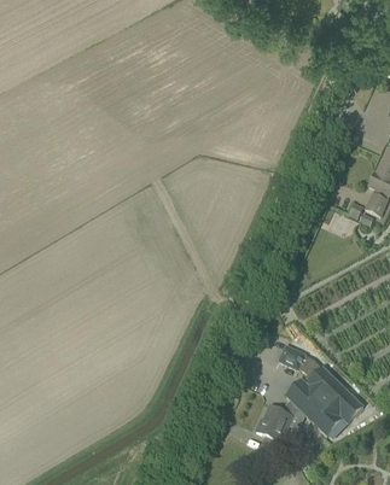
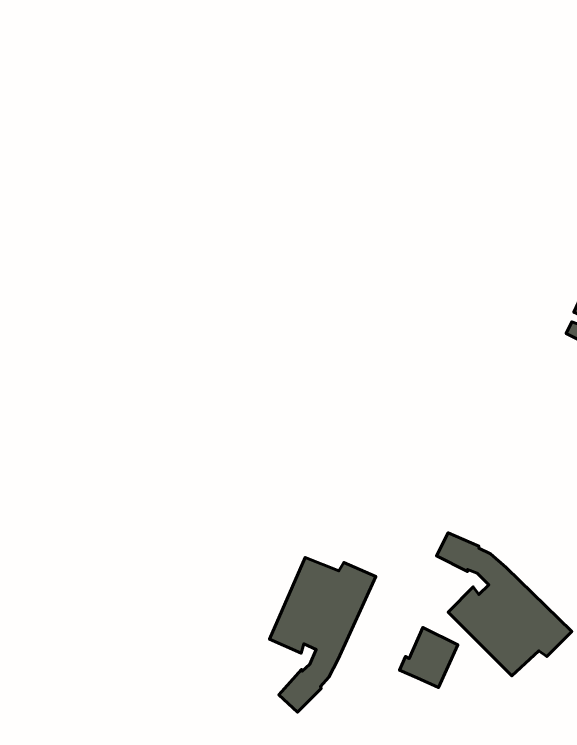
building: none -> [269,557,376,712]

